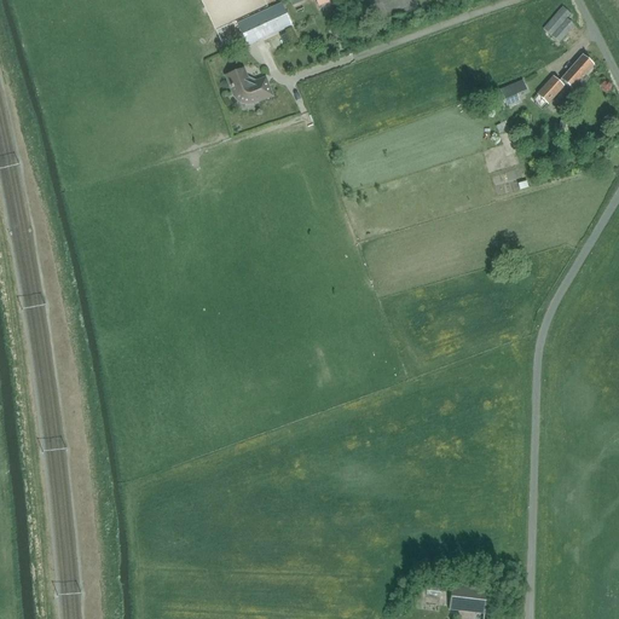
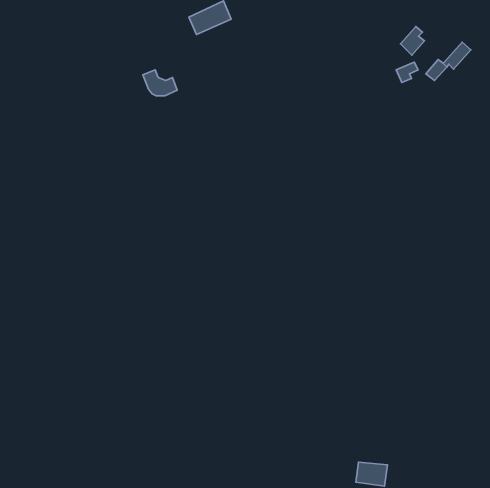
building: [543,5,573,41] -> [400,26,424,55]
building: [226,68,270,100] -> [143,70,177,96]

